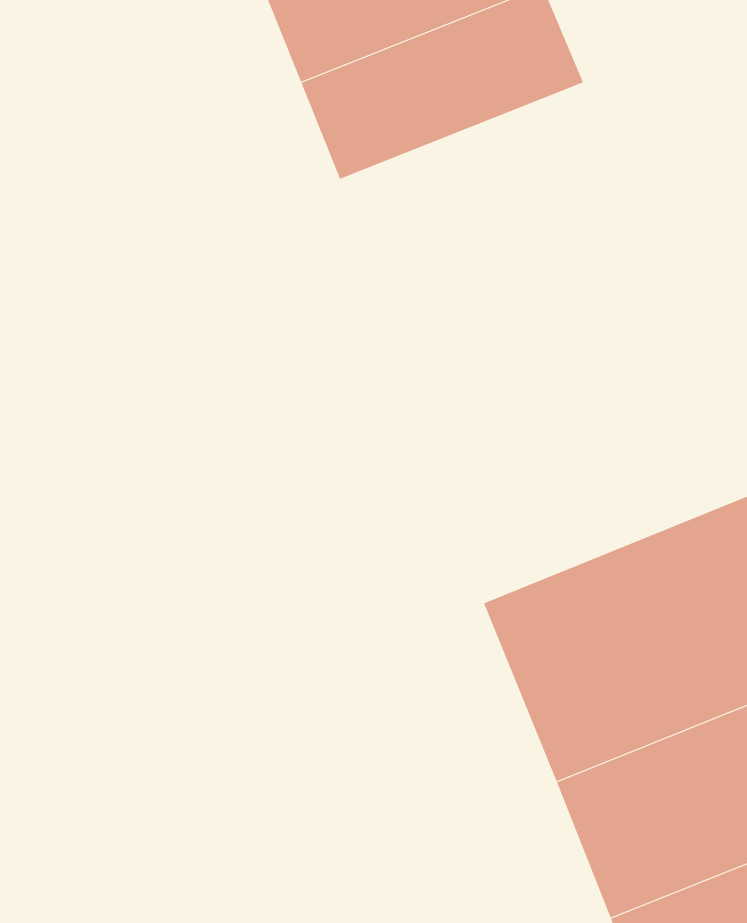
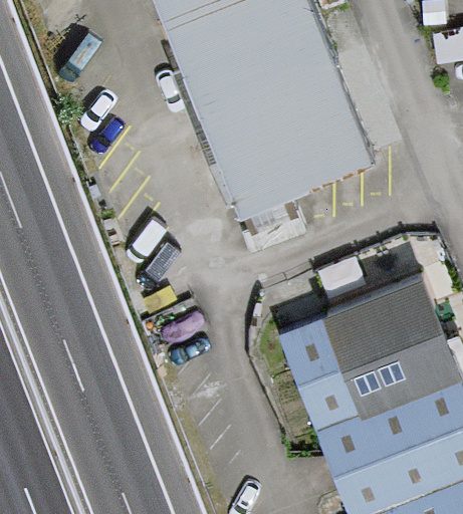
building: none -> [199,55,372,211]

